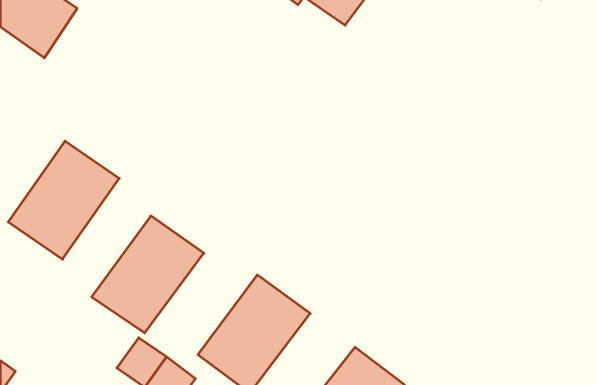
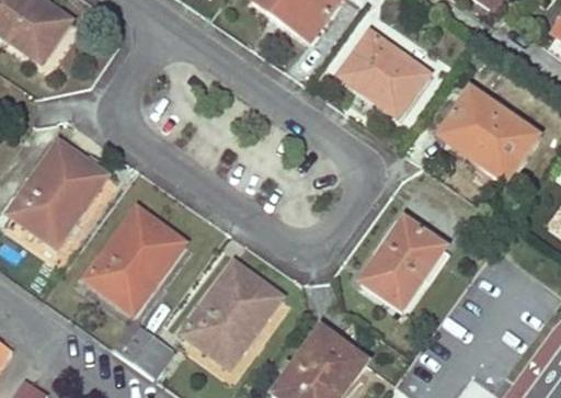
building: none -> [339,30,428,116]
building: none -> [443,88,537,183]
building: none -> [360,217,446,309]

